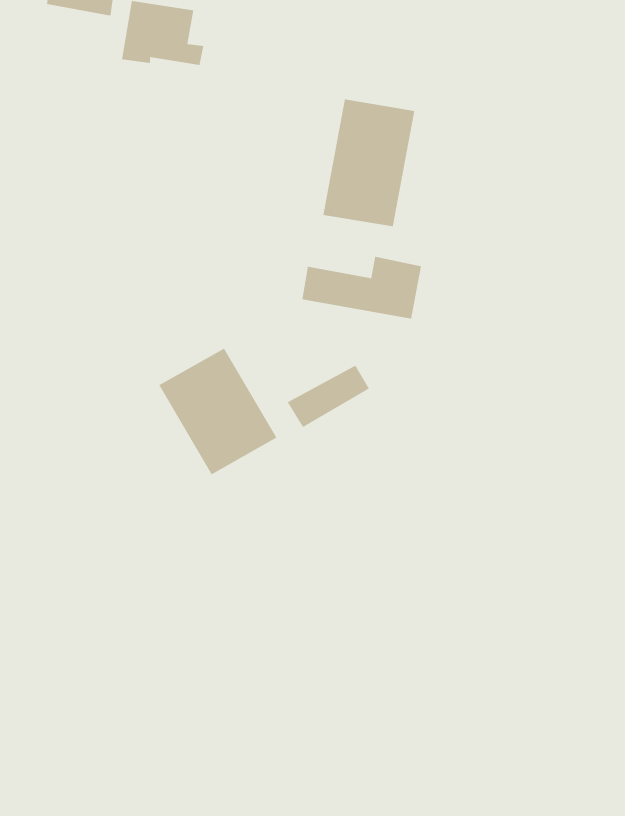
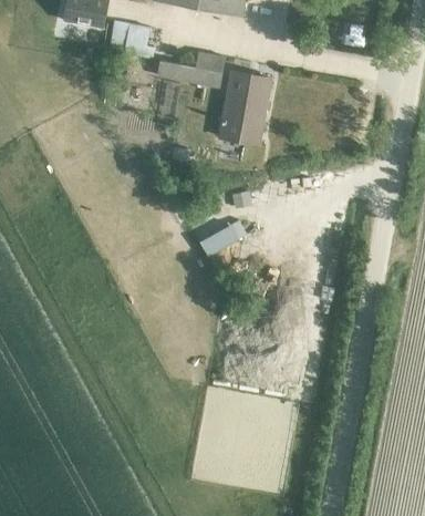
building: [301,256,422,319] -> [155,49,222,84]
building: [158,348,277,475] -> none

